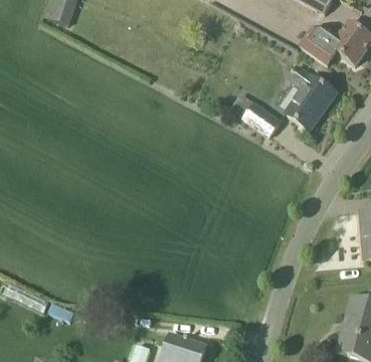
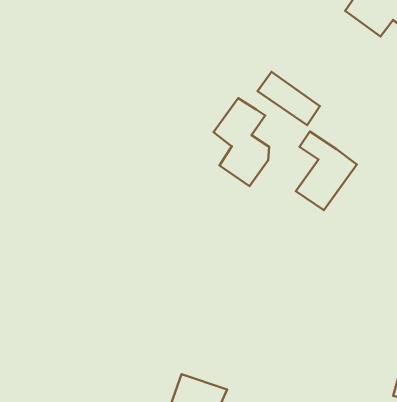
building: [288,66,336,129] -> [296,131,357,210]
building: none -> [214,98,269,186]

